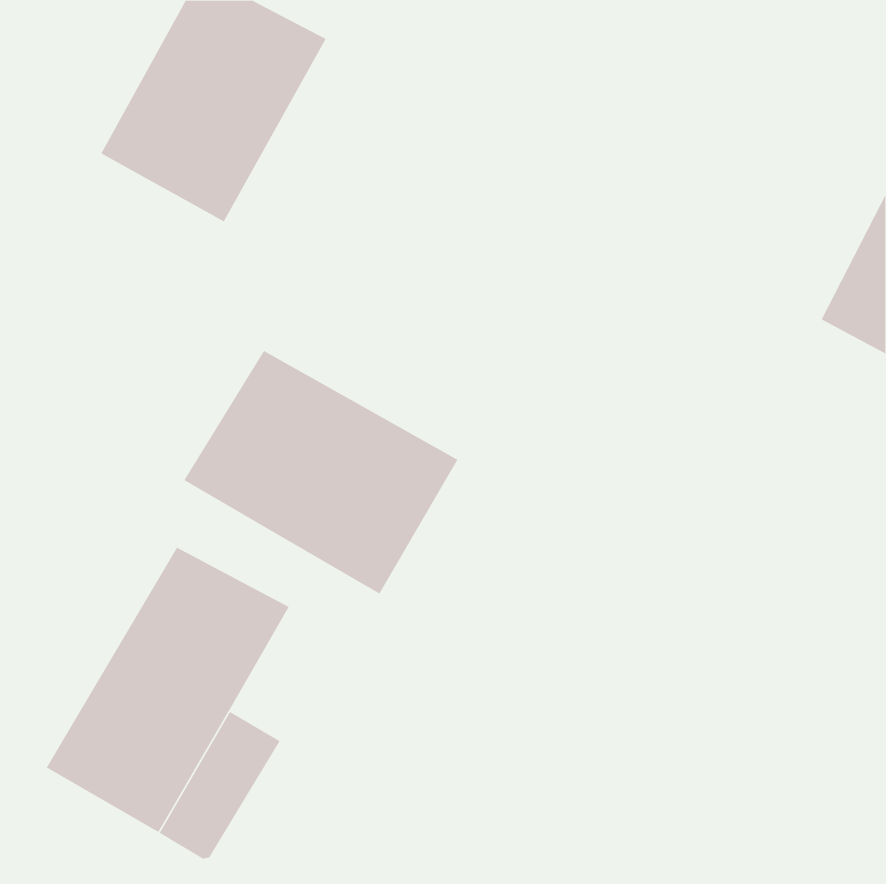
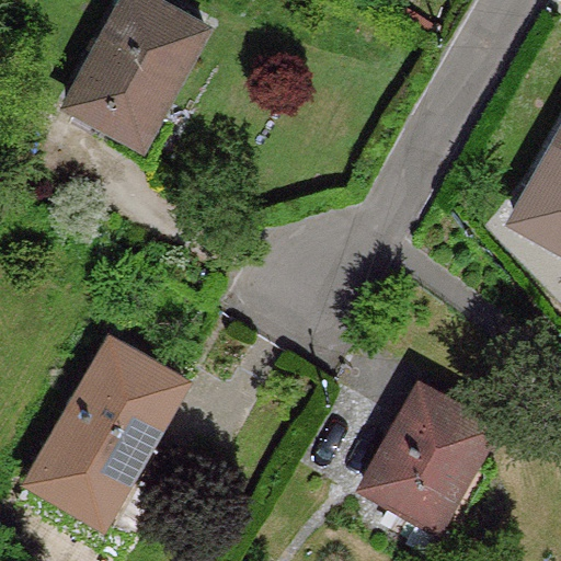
building: [184,350,458,594] -> none
building: none -> [363,386,489,523]

